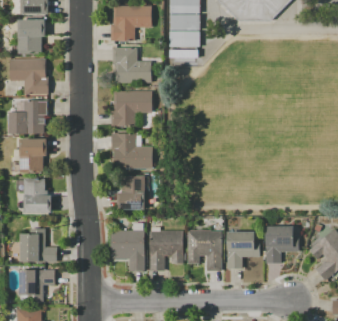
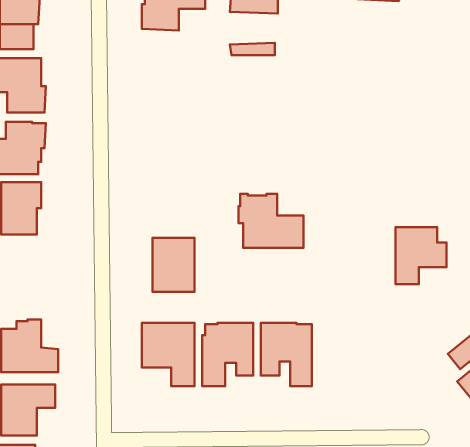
building: [168,31,199,46] -> none
building: [113,47,152,83] -> none
building: [112,91,152,126] -> none
building: [111,133,153,168] -> [239,194,304,248]
building: [24,178,52,213] -> none
building: [266,226,299,263] -> [396,227,447,284]
building: [227,232,260,269] -> none

